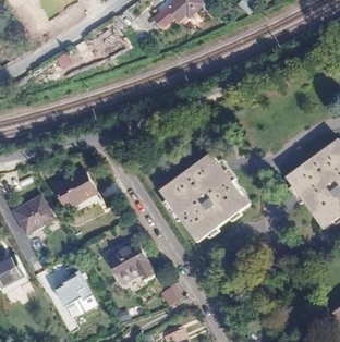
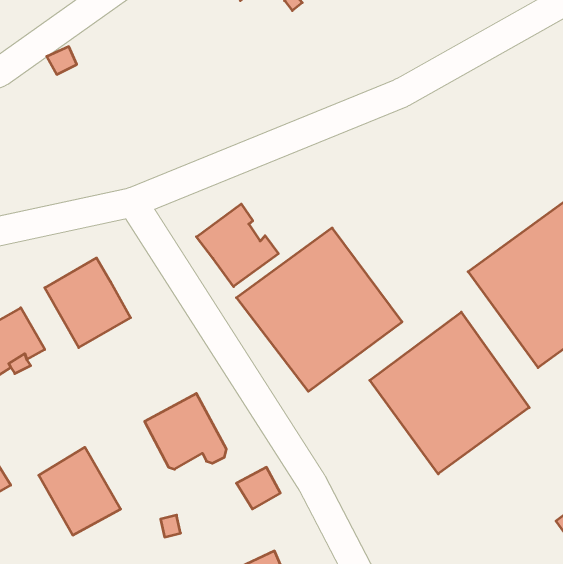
building: none -> [196,204,278,287]
building: none -> [370,312,529,474]

